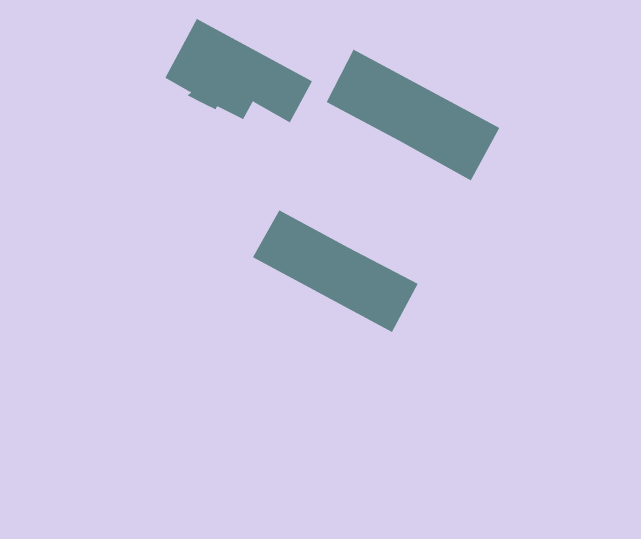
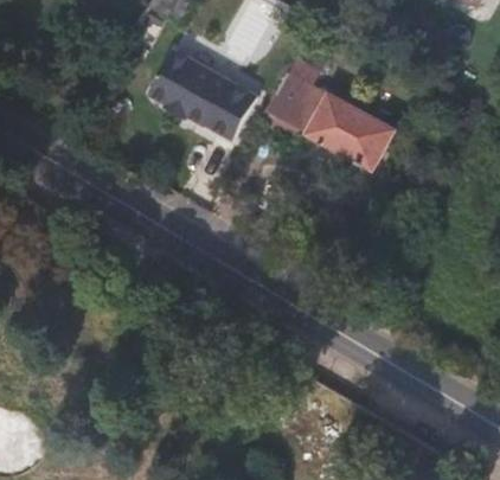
building: [252,209,418,333] -> none

